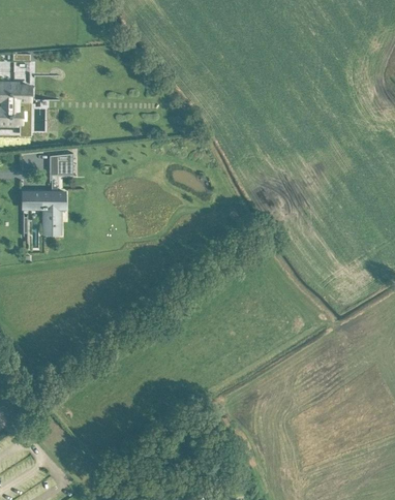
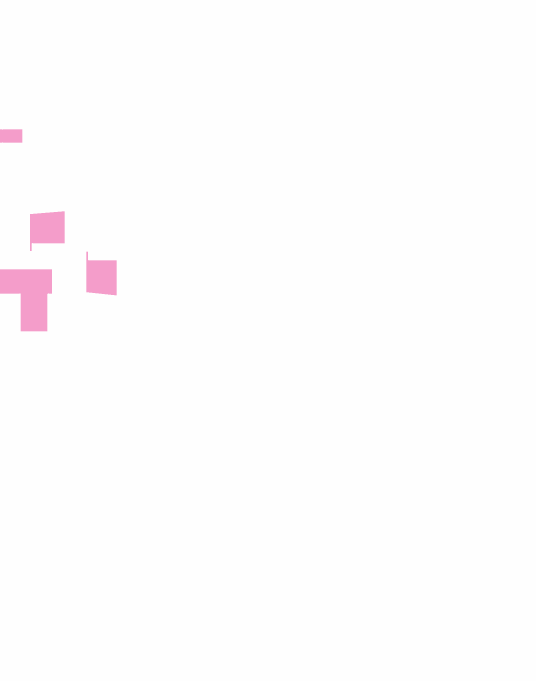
building: none -> [86,251,117,296]

